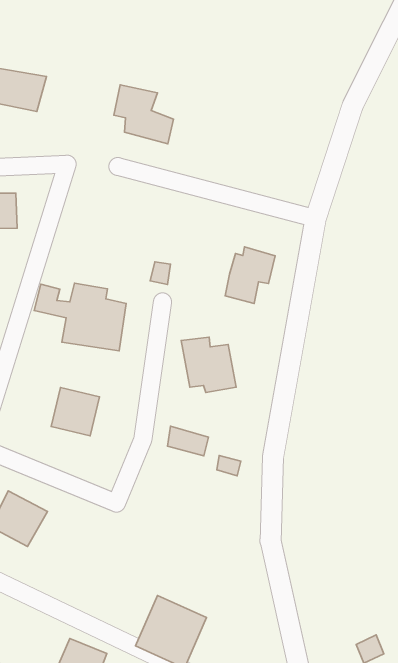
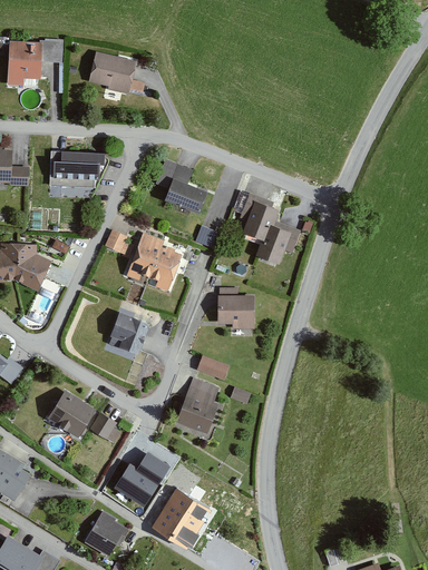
building: [114,85,173,144] -> [156,159,203,210]
building: none -> [237,191,280,239]
building: none -> [176,377,220,432]
building: none -> [89,412,120,443]
building: none -> [115,451,172,507]

